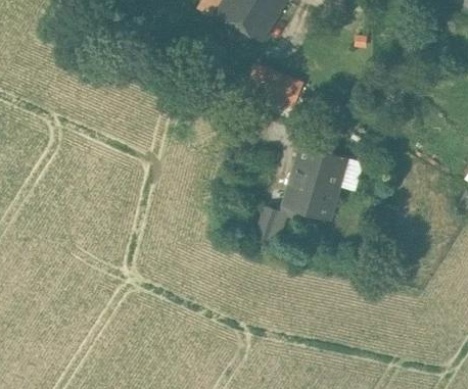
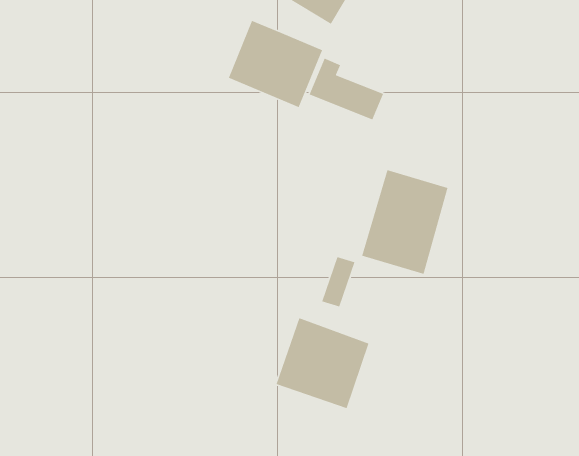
building: none -> [228,20,323,108]
building: none -> [276,317,370,409]

